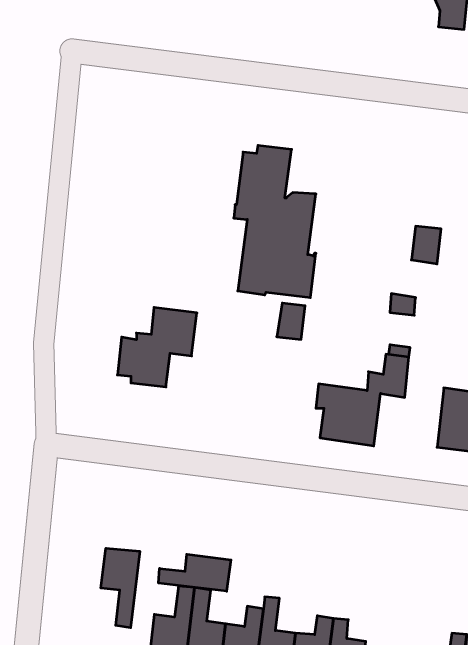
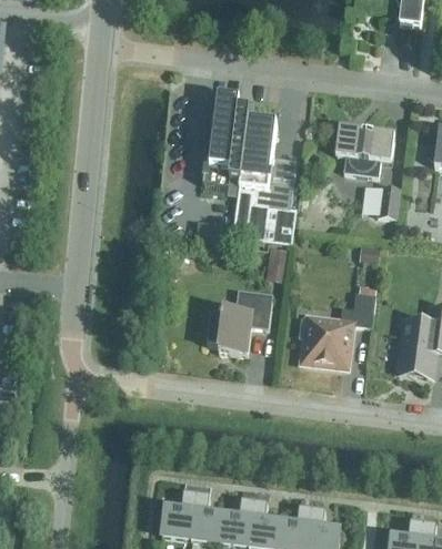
building: none -> [203,96,251,184]
building: none -> [334,124,393,175]
building: [117,307,197,387] -> [207,288,272,354]
building: [101,548,140,628] -> none
building: [159,554,231,591] -> none

